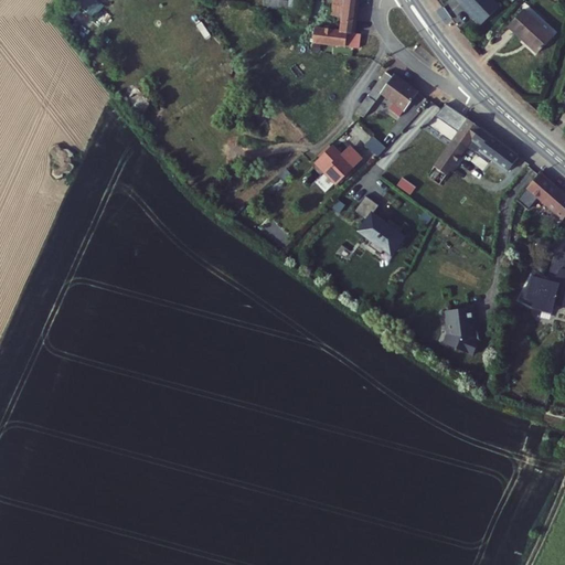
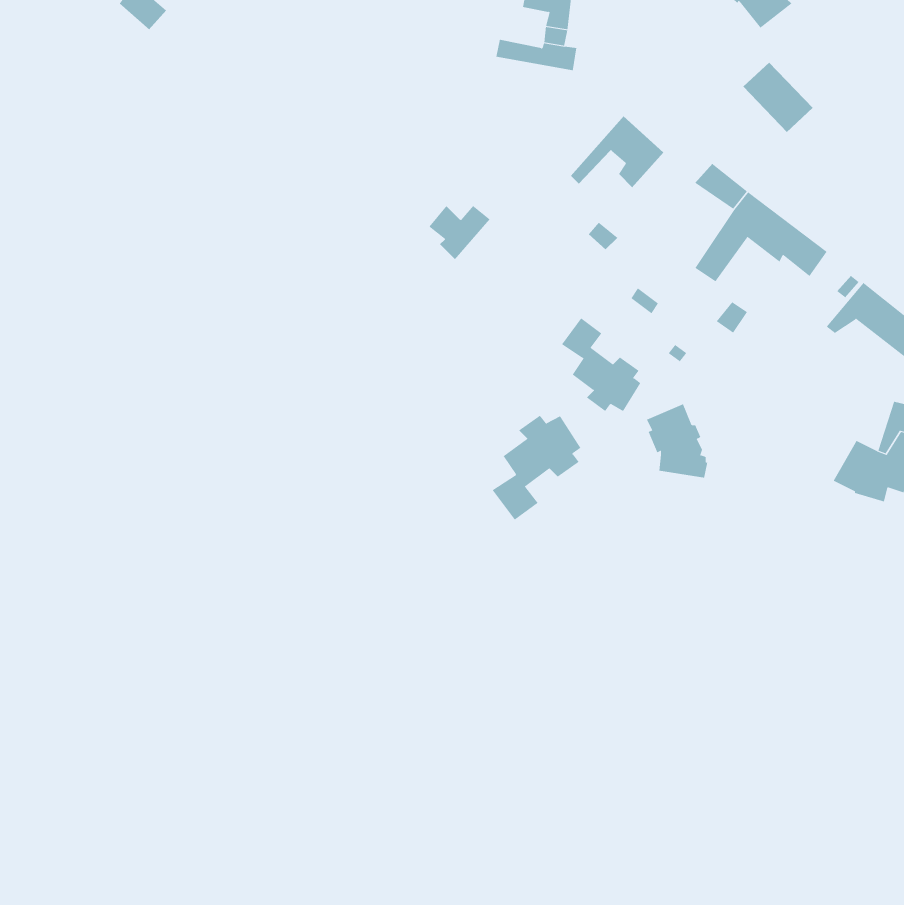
building: [509,8,553,52] -> [743,62,814,133]
building: [322,150,361,184] -> [428,205,491,260]
building: none -> [492,415,581,520]
building: [438,312,477,359] -> [646,404,708,478]

